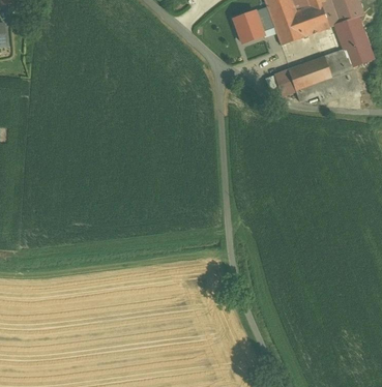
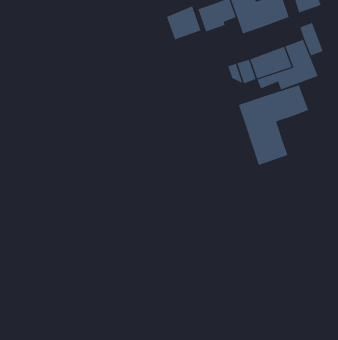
building: none -> [166,6,201,40]
building: [346,24,373,62] -> none
building: none -> [238,84,309,166]

